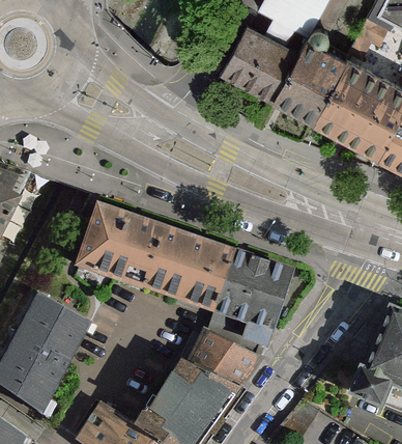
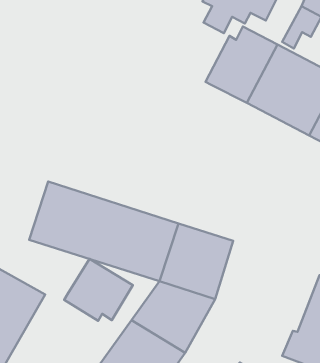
building: [220,23,290,95] -> none
building: none -> [64,259,133,321]

